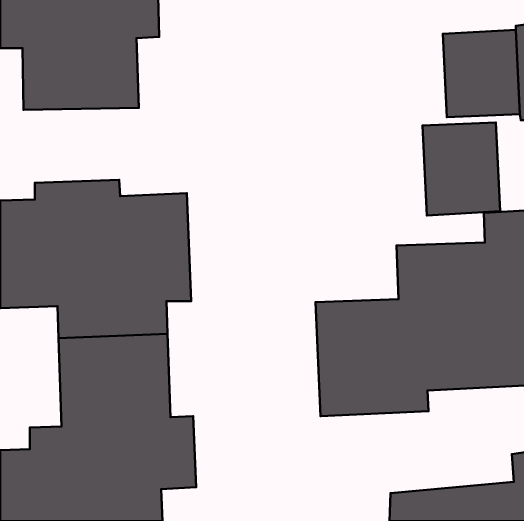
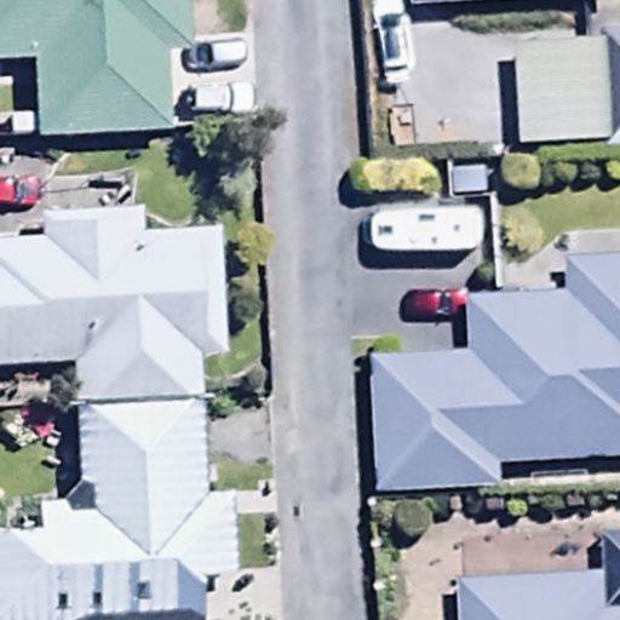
building: [422,123,500,215] -> none

